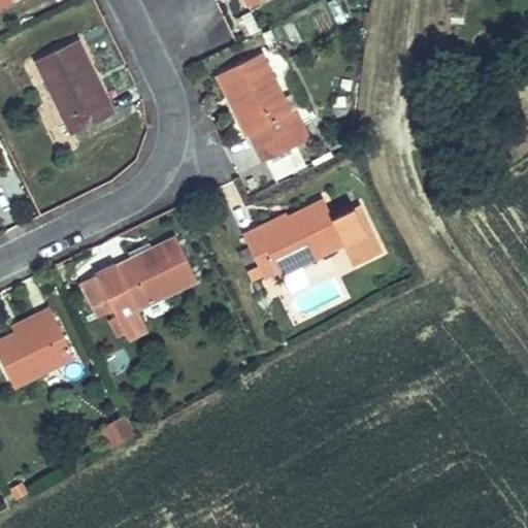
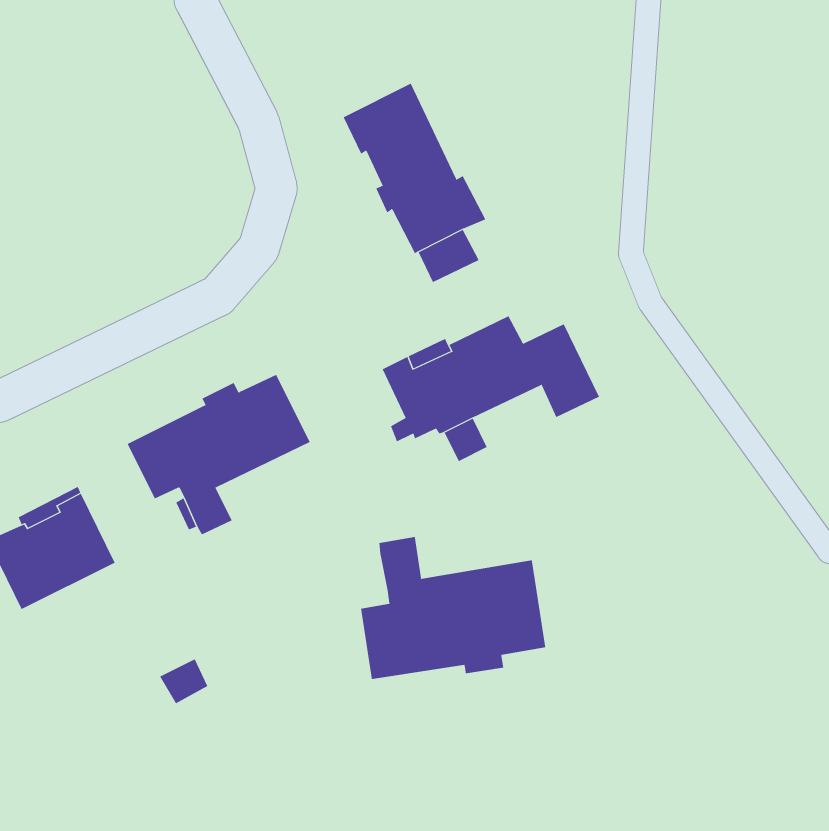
building: [35,39,114,134] -> none
building: none -> [361,536,546,680]

